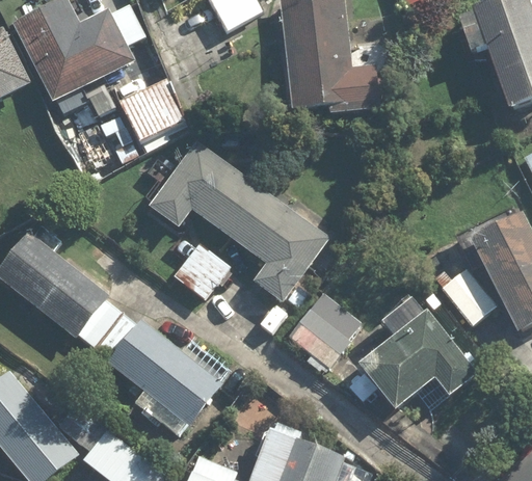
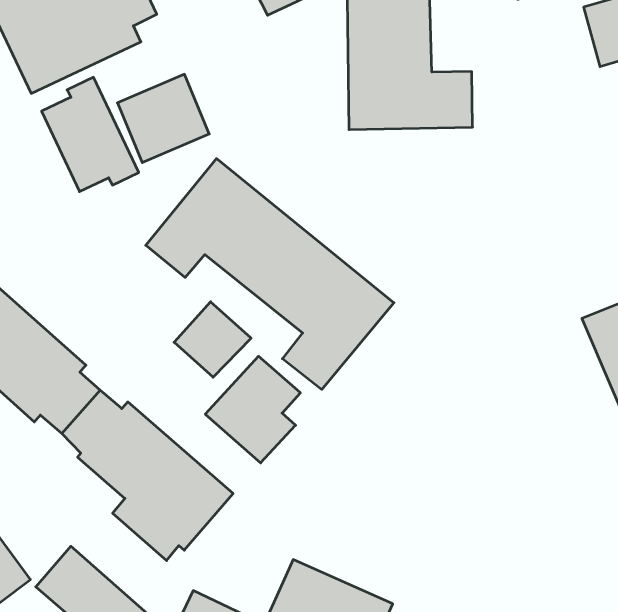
building: [440,267,496,325] -> none
building: [284,292,352,370] -> [205,356,300,463]
building: [360,312,478,410] -> none

